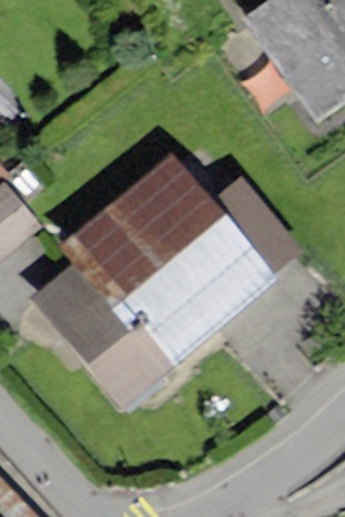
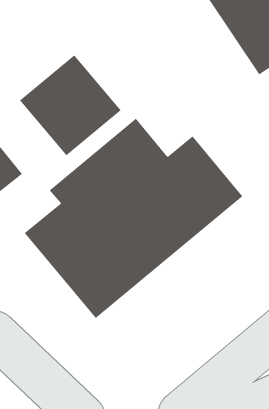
building: none -> [19,54,121,156]

